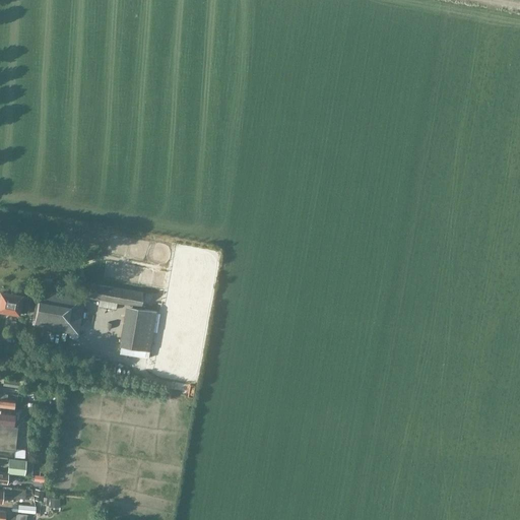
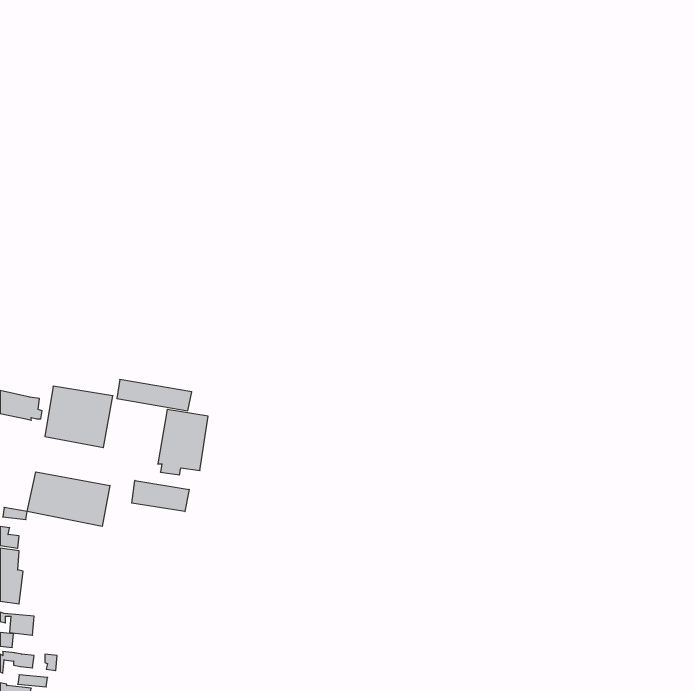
building: none -> [27,472,110,526]
building: none -> [132,480,189,512]

